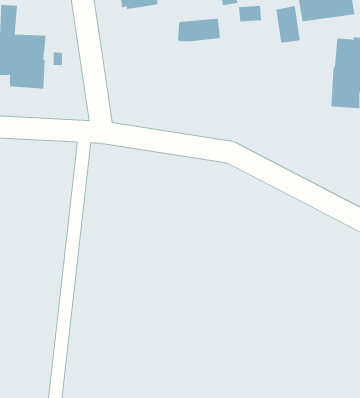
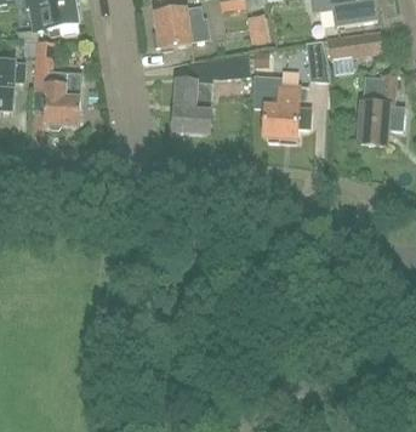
building: none -> [251,74,312,140]
building: none -> [172,78,212,132]

